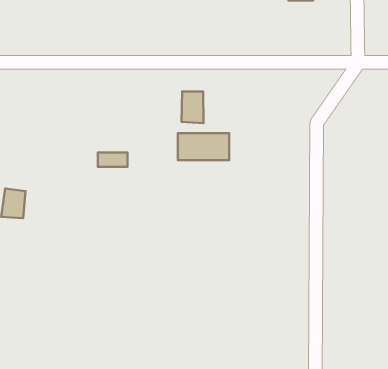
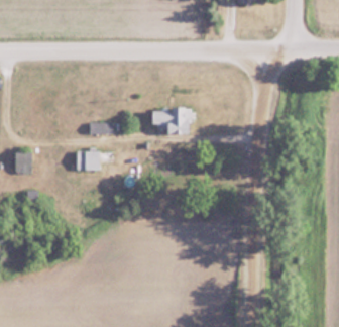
building: [182,92,203,123] -> none
building: none -> [75,151,99,171]

